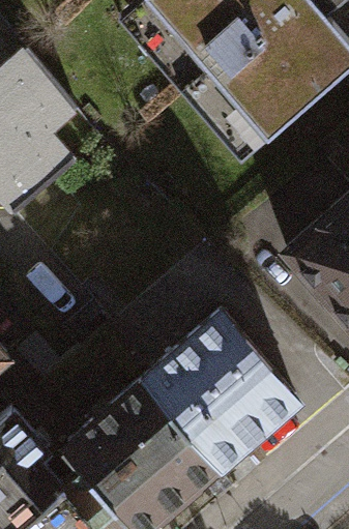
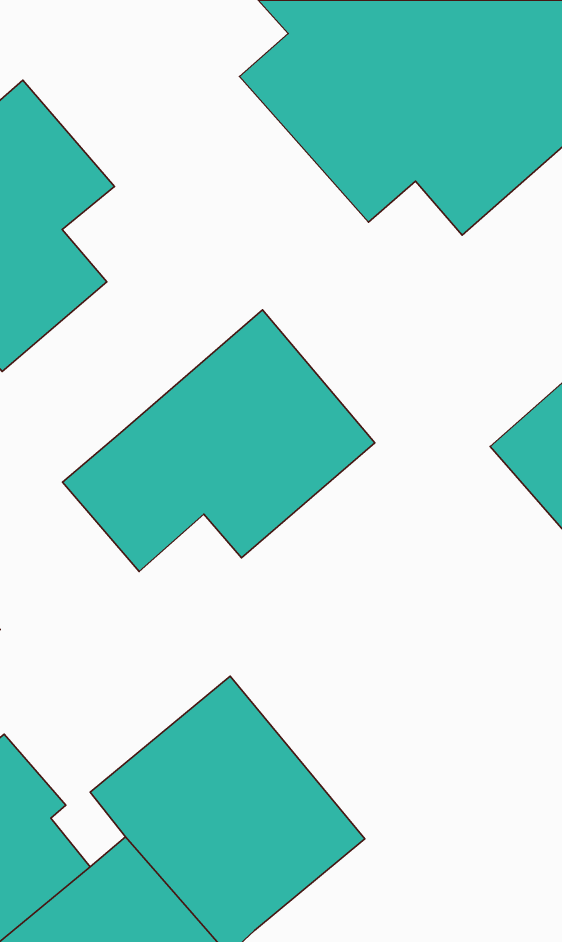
building: none -> [62,310,375,571]
building: [139,311,296,470] -> none

